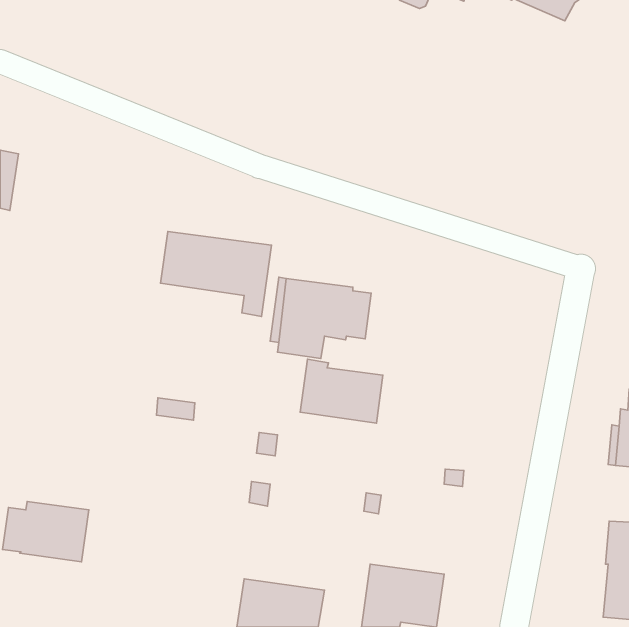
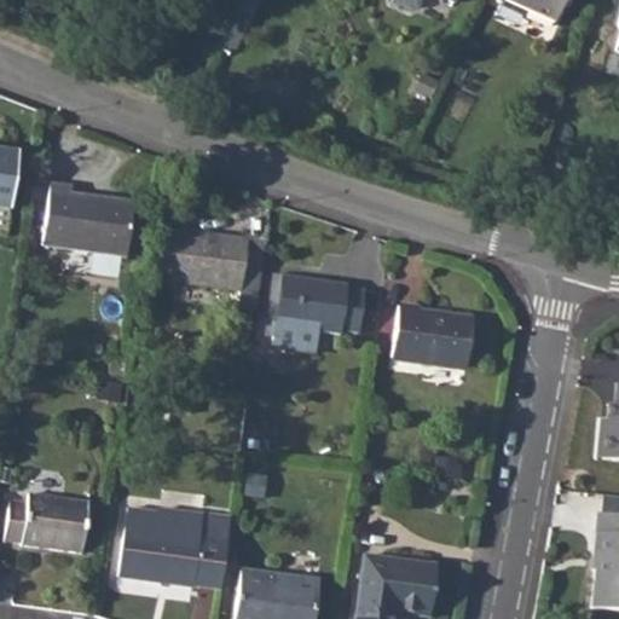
building: none -> [42,183,134,255]
building: [300,359,383,423] -> [392,303,473,366]
building: none -> [118,507,230,588]

